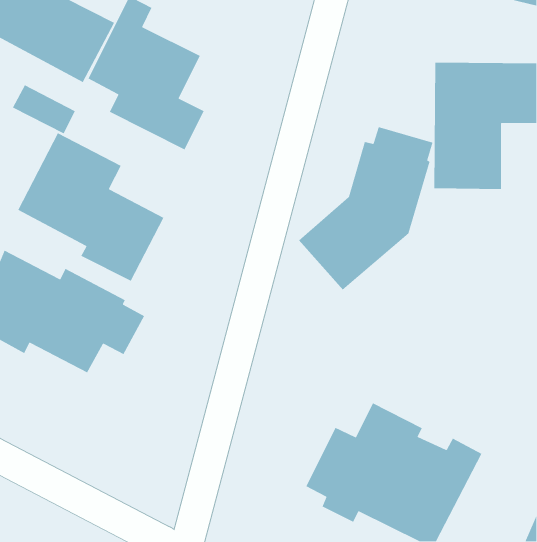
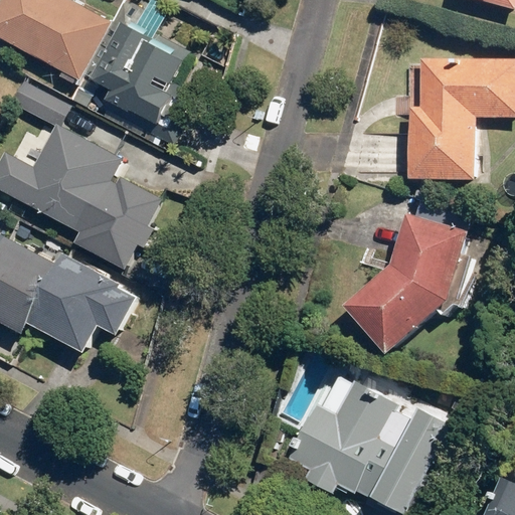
building: [298,126,434,290] -> [343,198,471,353]

